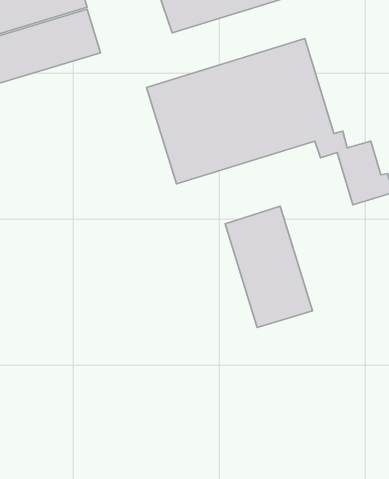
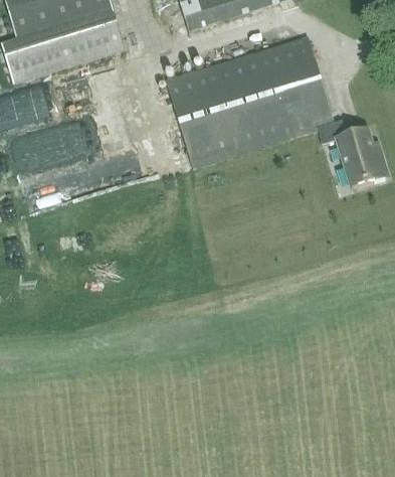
building: [225,206,312,328] -> none

